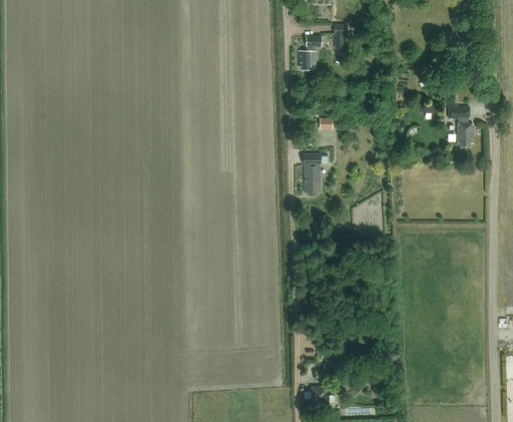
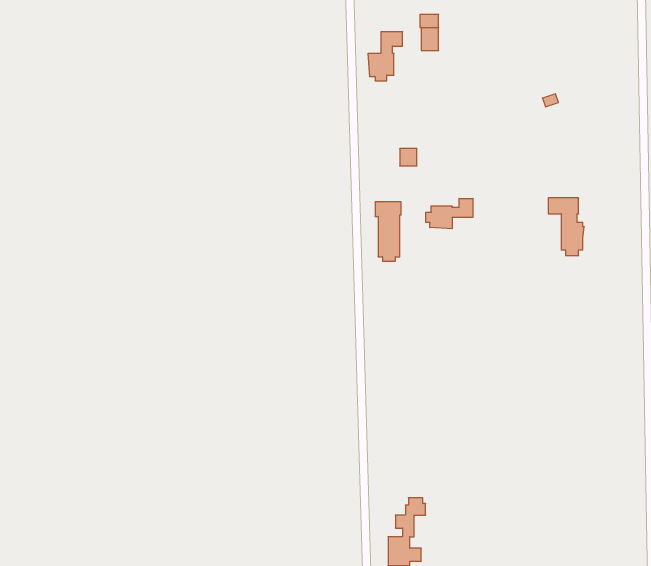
building: [448,107,473,147] -> [548,198,584,256]
building: none -> [426,198,473,229]

